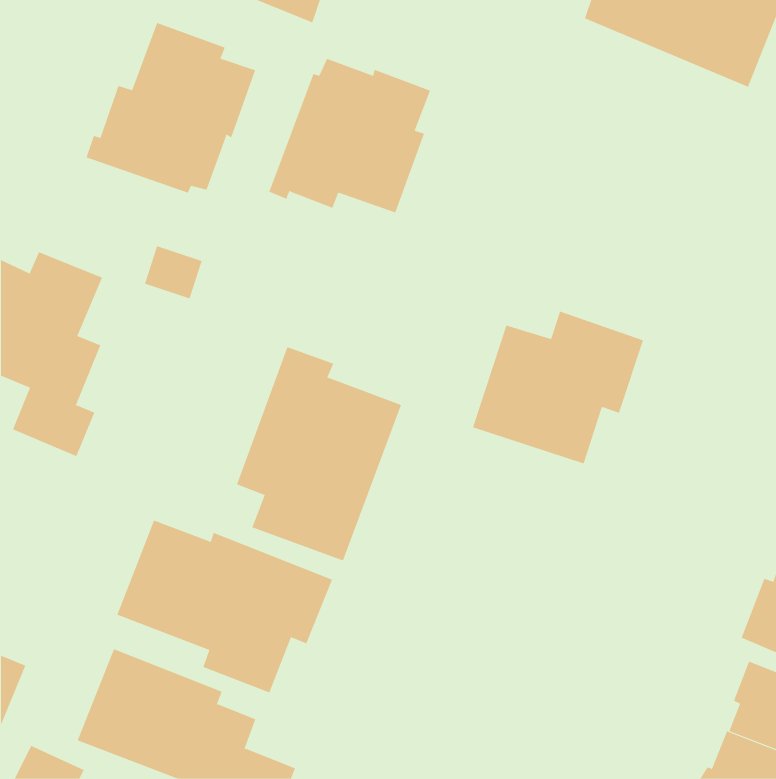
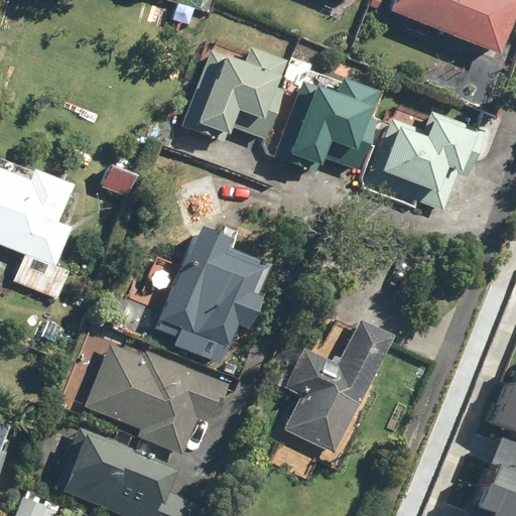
building: [86,22,256,194] -> none
building: none -> [260,79,383,171]
building: [472,311,644,464] -> [371,111,484,212]
building: none -> [283,321,390,455]

